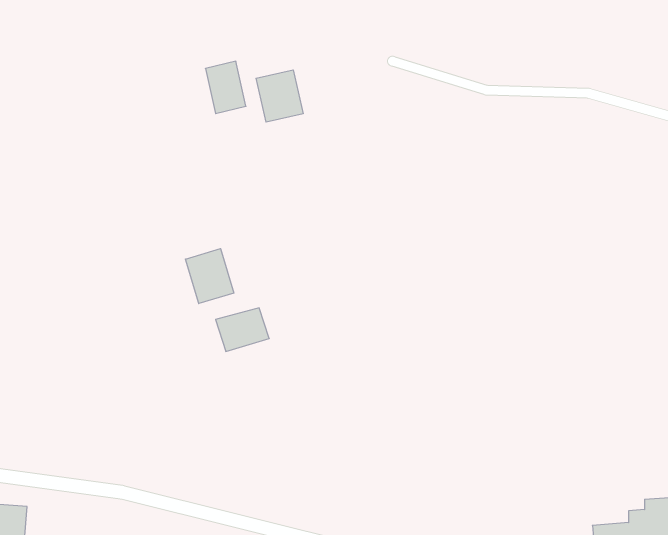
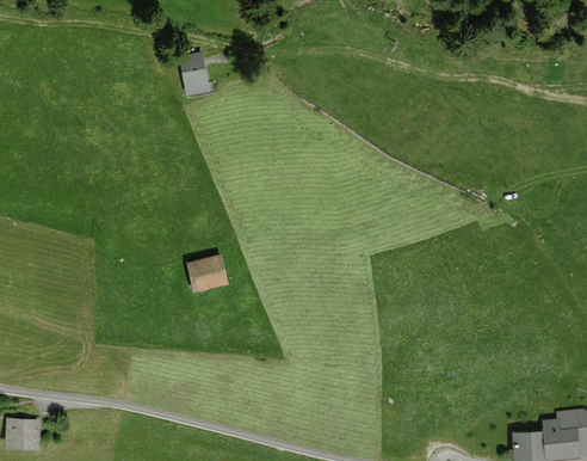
building: [256,70,303,122] -> none
building: [185,249,234,304] -> none

